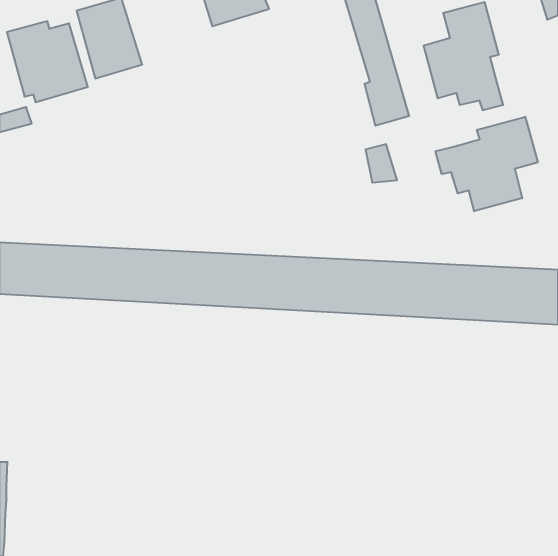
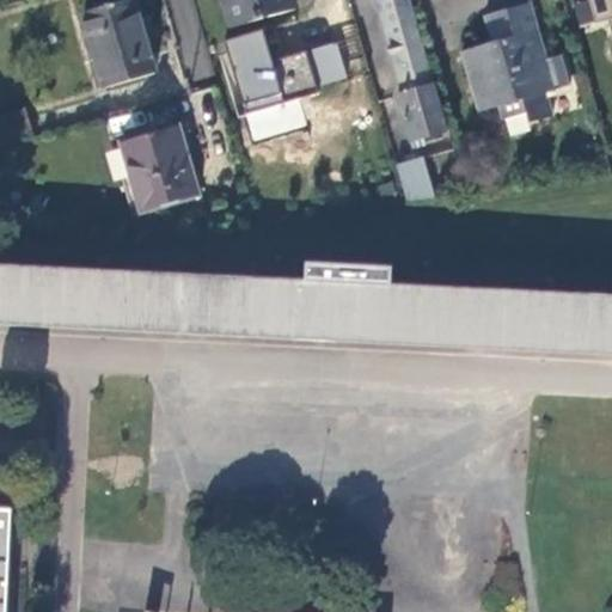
building: [7,21,88,102] -> [110,122,198,210]
building: none -> [226,26,345,137]
building: [436,117,538,211] -> none

